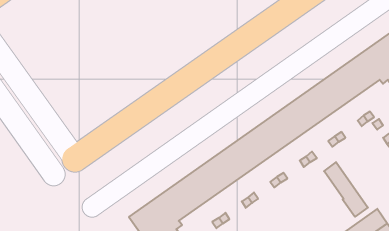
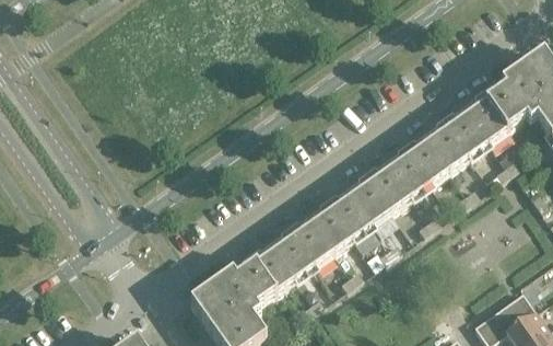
building: [324,162,368,217] -> none

